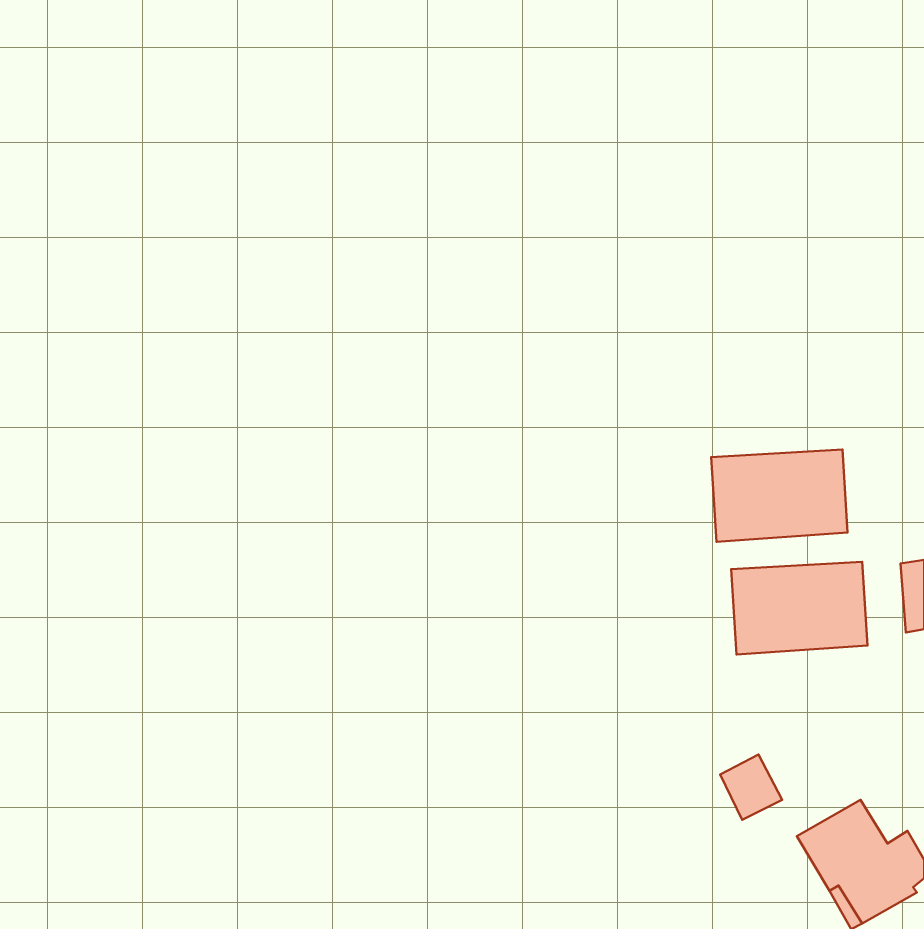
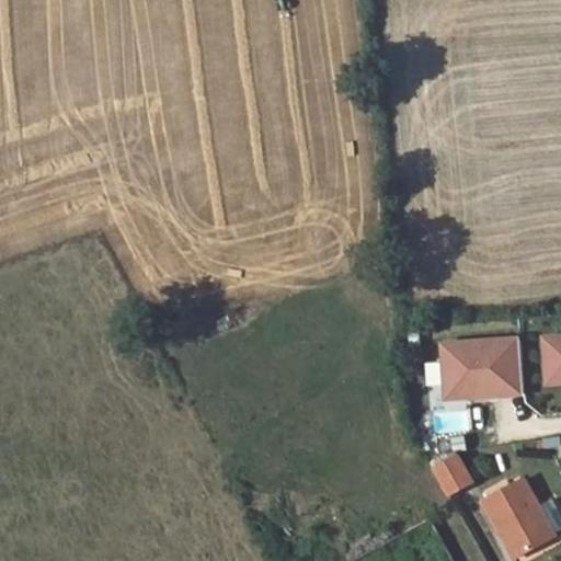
building: [711,449,848,542] -> none

